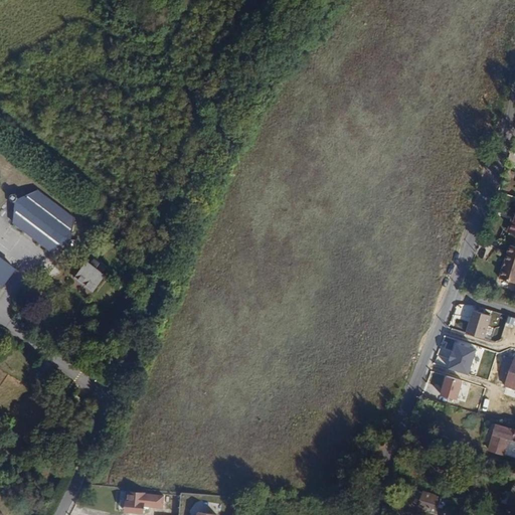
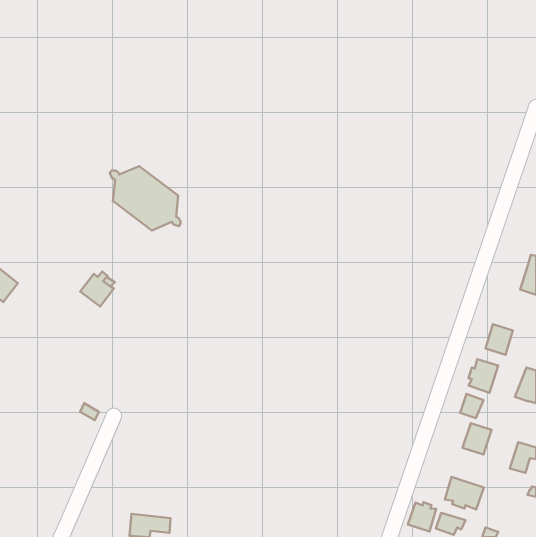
building: [11,190,78,251] -> [110,166,180,230]
building: none -> [463,423,492,455]
building: none -> [445,477,484,509]
building: none -> [408,502,436,532]

